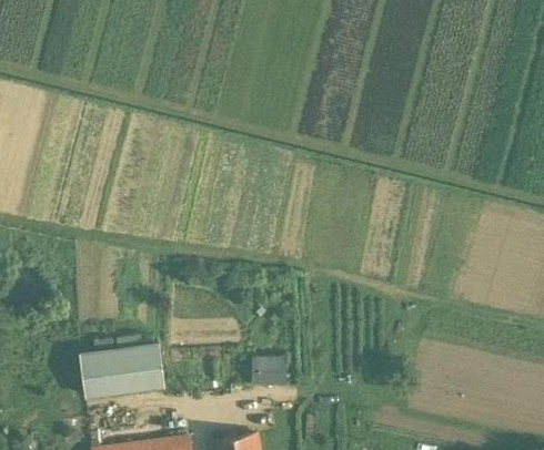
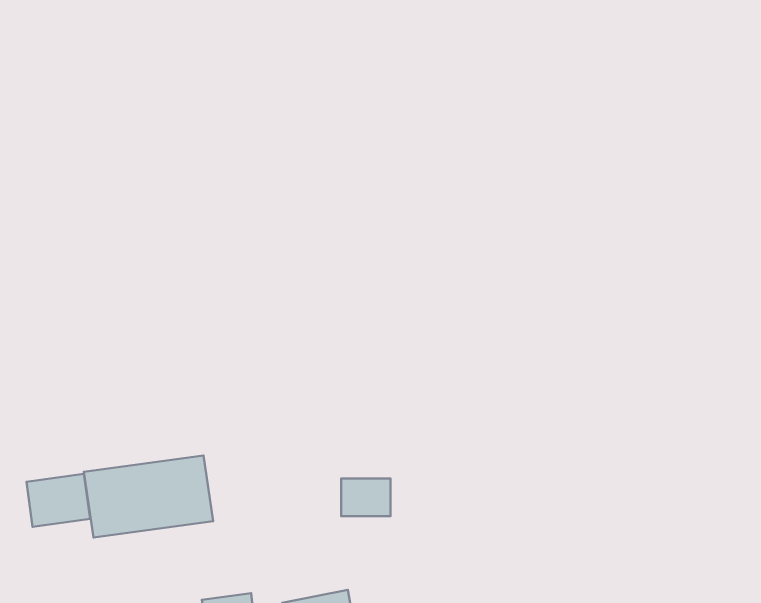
building: none -> [26,474,90,527]

